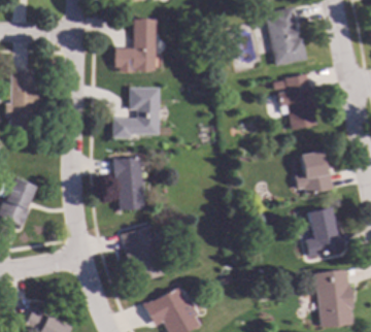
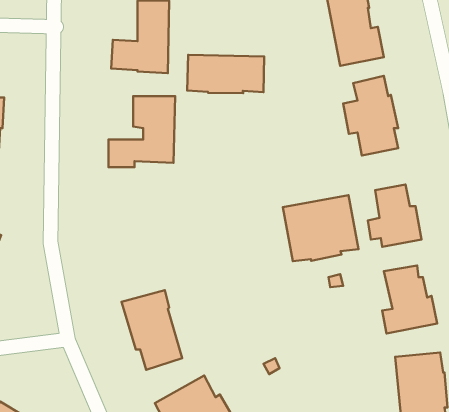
building: none -> [187,55,264,93]
building: [113,157,144,210] -> none
building: none -> [283,195,358,261]

